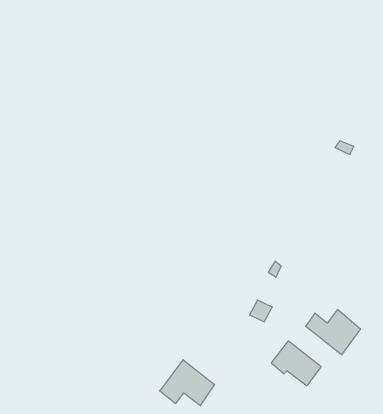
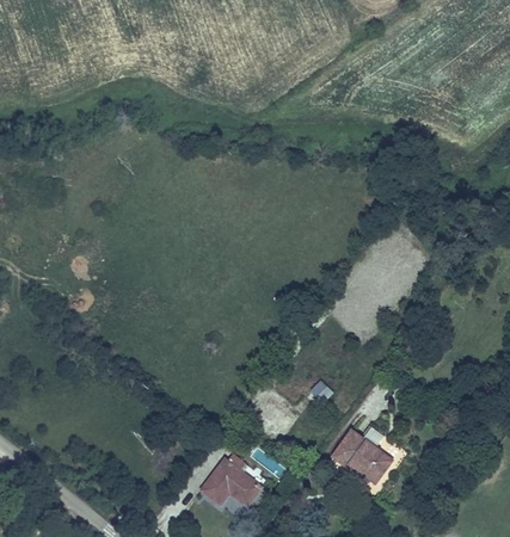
building: [306,310,360,355] -> none

